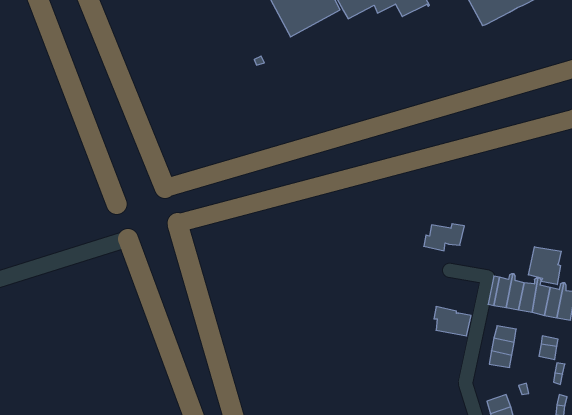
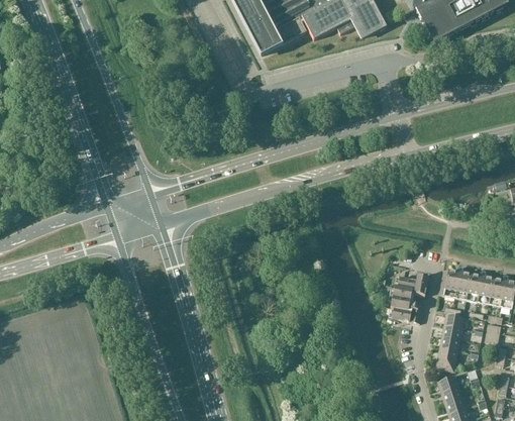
building: [424,224,464,251] -> [392,275,428,299]
building: [528,247,561,285] -> none
building: none -> [435,346,457,370]

